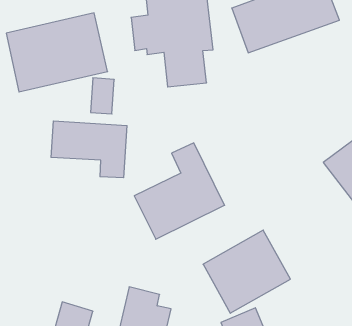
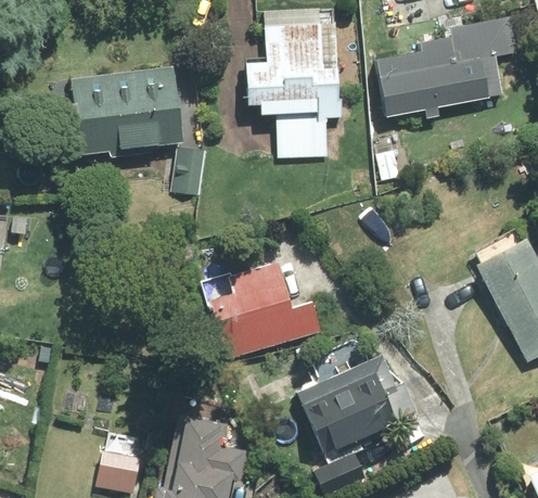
building: [51,121,127,178] -> none

